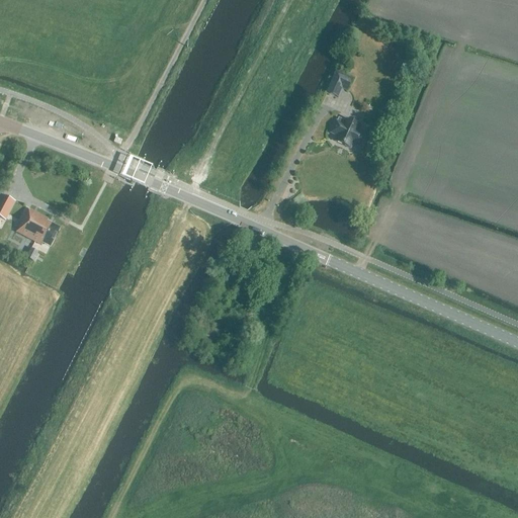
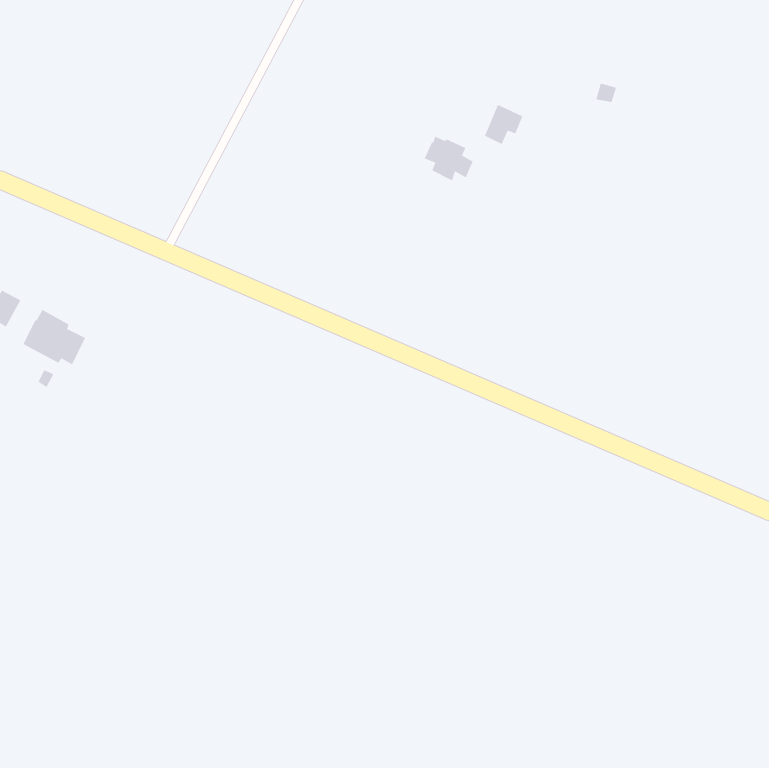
building: [330,116,363,147] -> [424,136,474,181]

